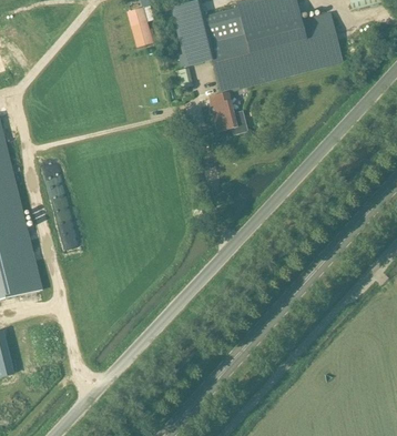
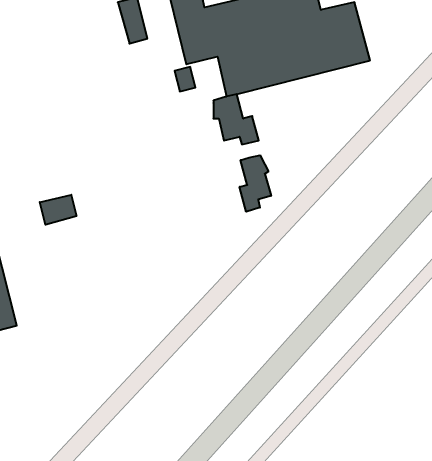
building: none -> [240,155,271,212]
building: none -> [40,195,76,225]

